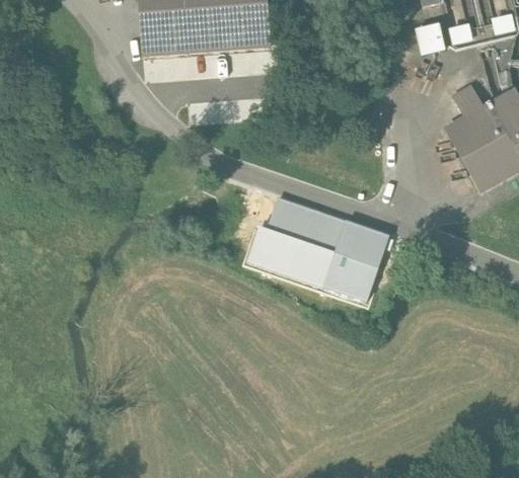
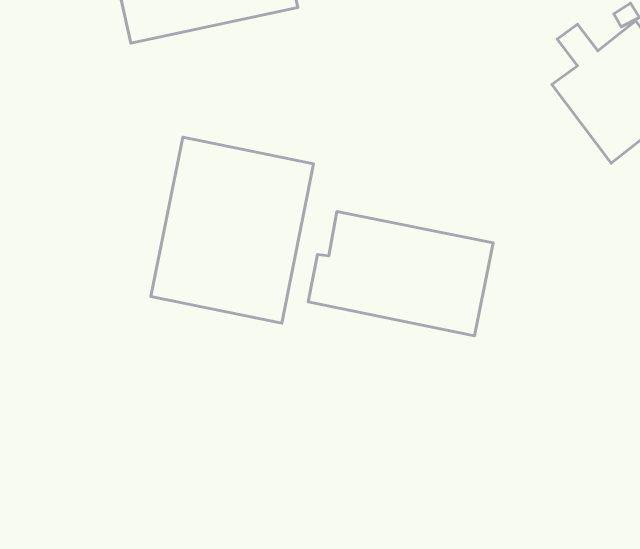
building: none -> [151,137,314,323]

